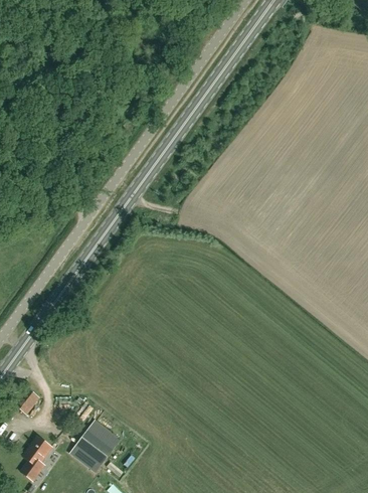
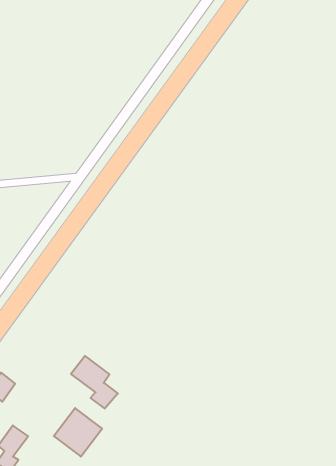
building: none -> [71,356,118,409]

